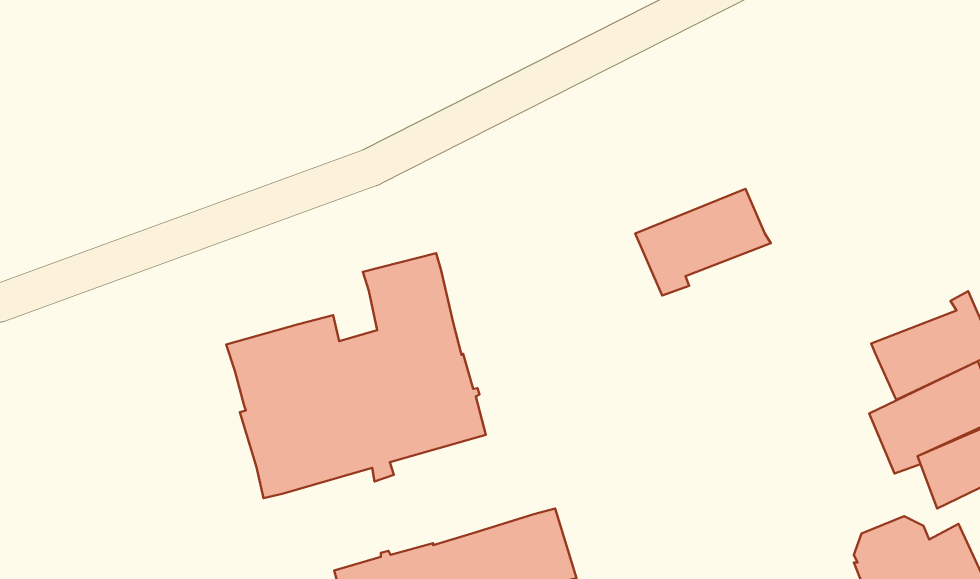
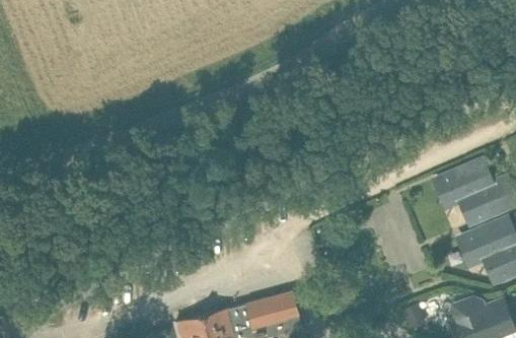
building: [635,189,771,296] -> [430,158,501,214]
building: [226,253,486,498] -> none

